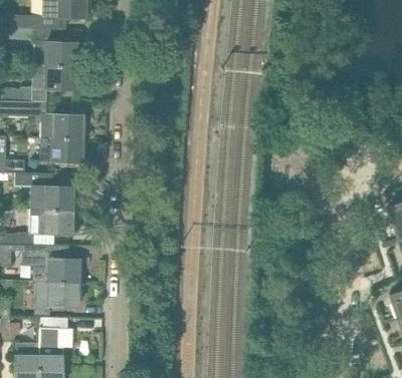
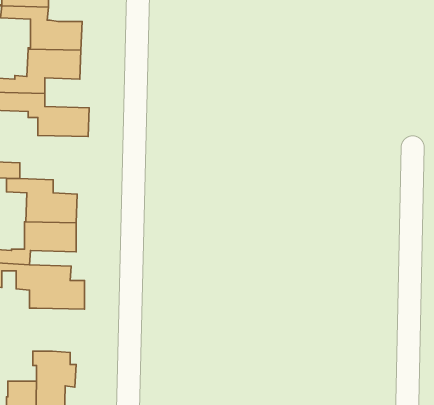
building: [38,137,81,162] -> none
building: [37,282,78,316] -> none

